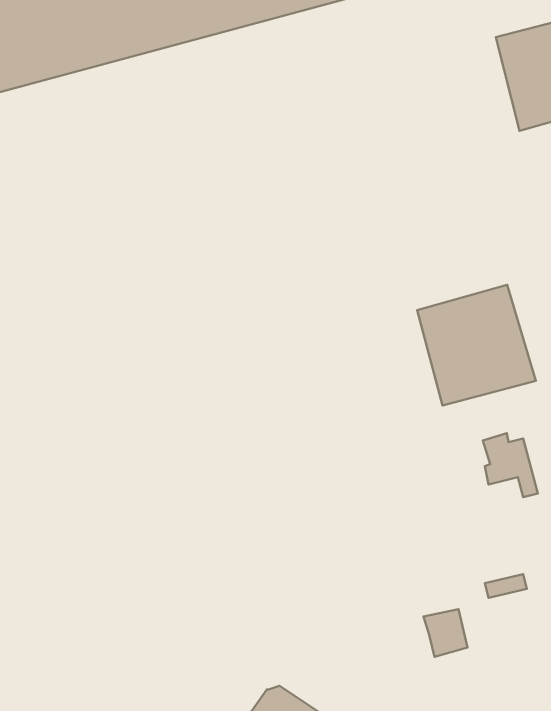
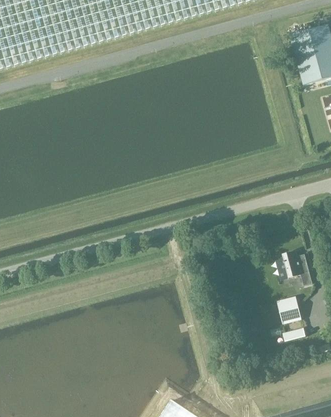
building: [417,285,536,405] -> none
building: [424,609,468,657] -> [276,298,300,324]

